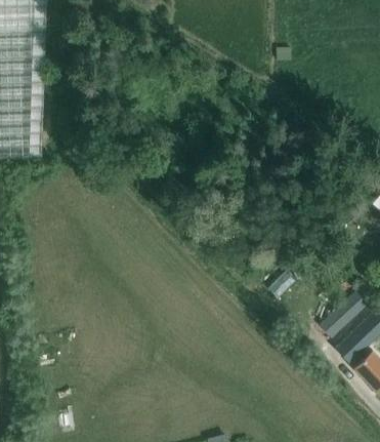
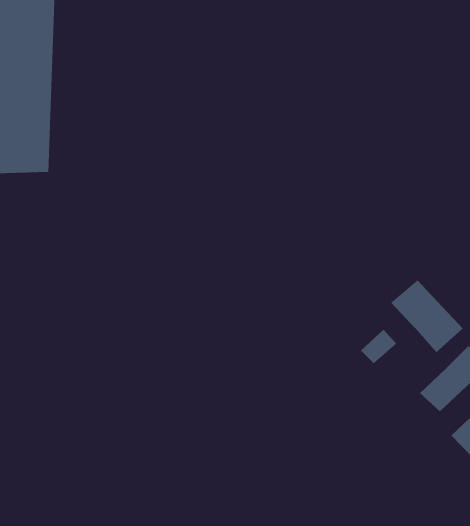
building: none -> [390,280,464,353]

